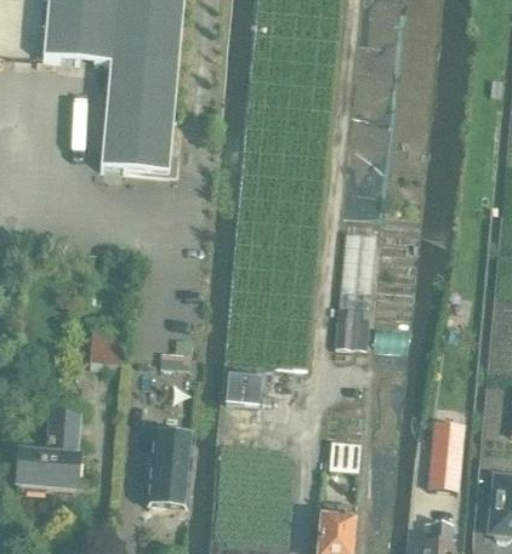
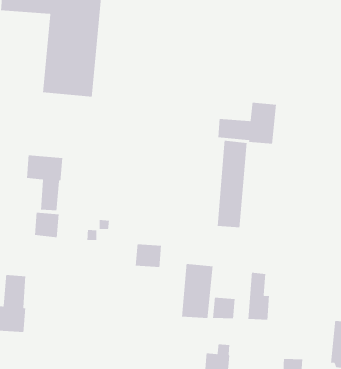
building: none -> [218,102,277,145]
building: none -> [26,154,63,211]
building: [432,423,462,489] -> [247,272,270,321]
building: [149,433,193,508] -> [181,263,214,319]

